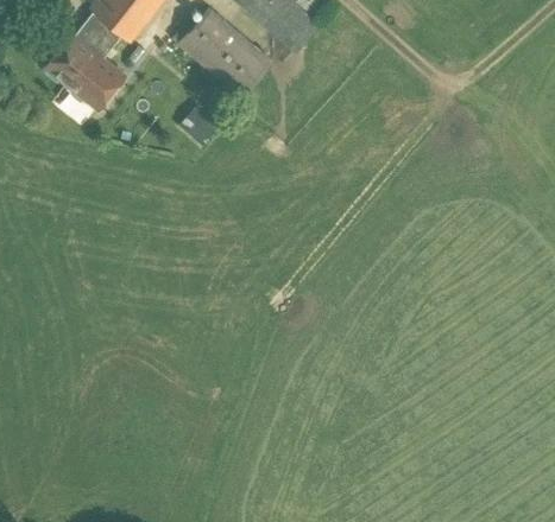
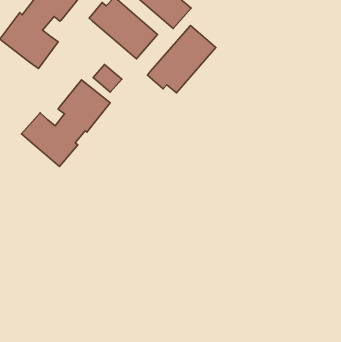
building: none -> [147,26,216,93]
building: none -> [21,80,110,166]

